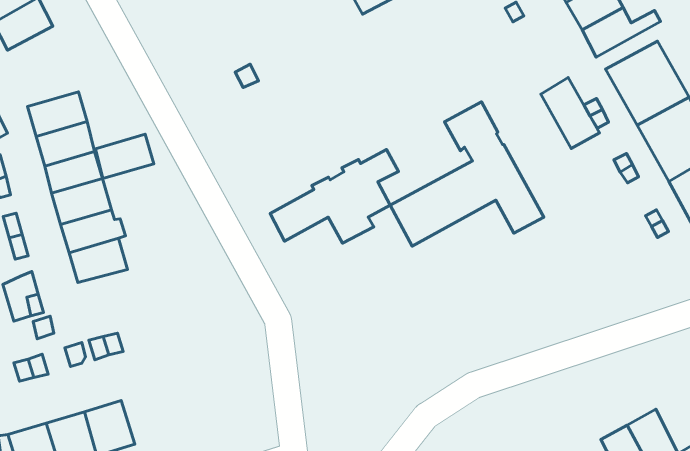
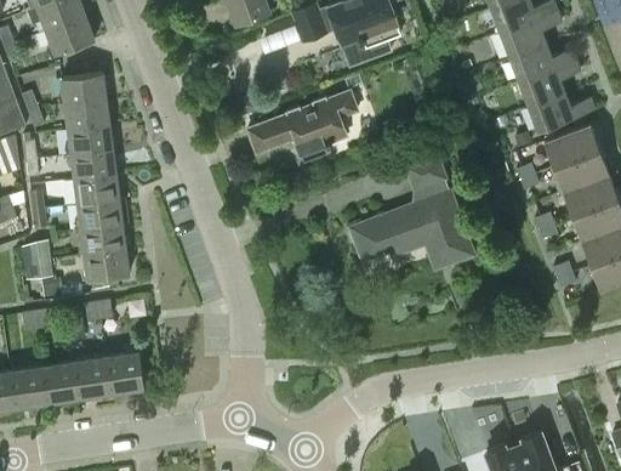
building: [541,77,600,148] -> none
building: [95,134,154,179] -> [61,73,107,104]
building: [270,150,399,243] -> [246,91,357,163]
building: none -> [84,250,130,280]
building: none -> [106,352,144,395]

